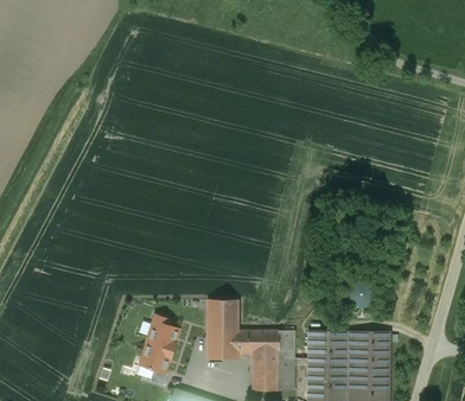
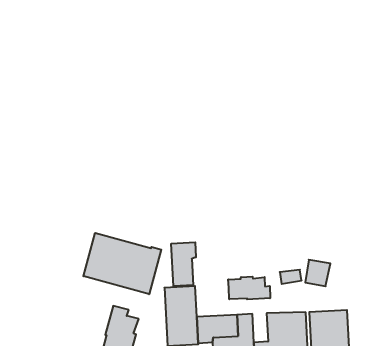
building: none -> [83,233,161,294]
building: none -> [171,242,196,286]
building: none -> [228,277,270,299]

